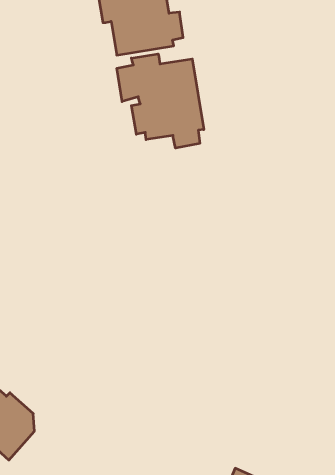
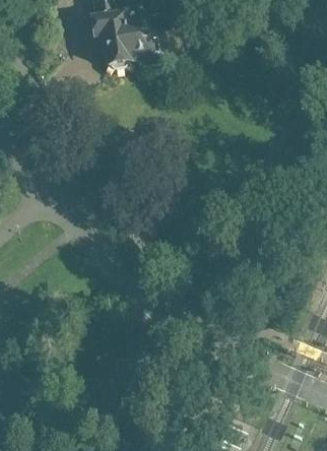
building: [117,54,204,148] -> none

